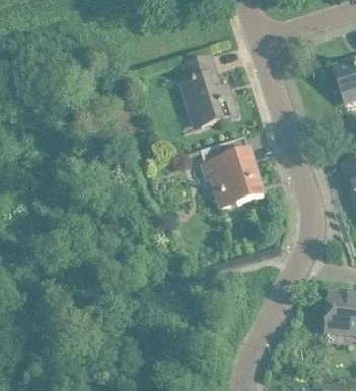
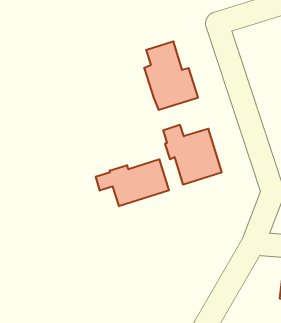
building: none -> [96,159,169,206]

